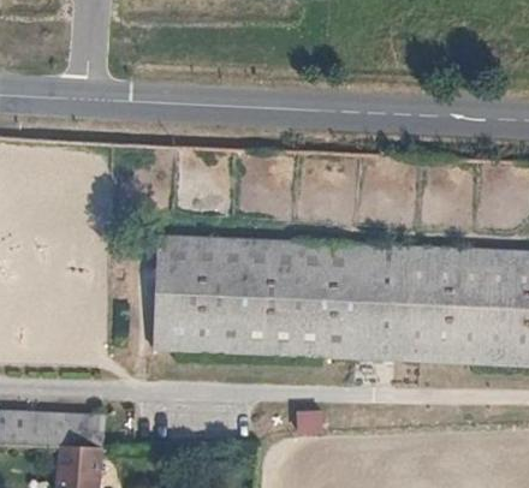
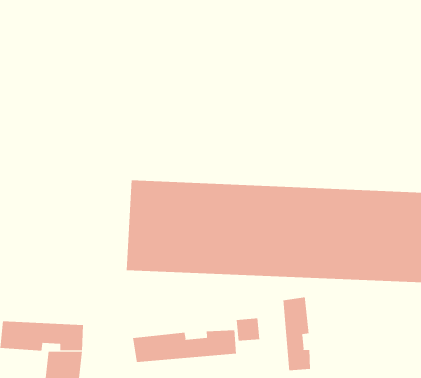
building: none -> [283,296,311,371]
building: none -> [132,329,237,363]

